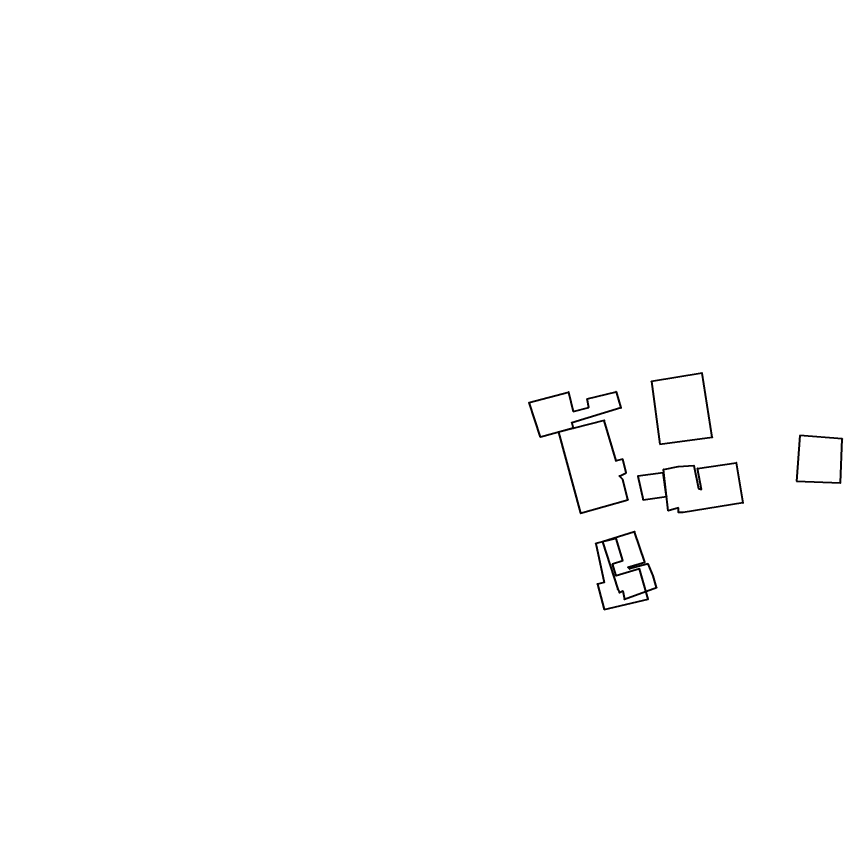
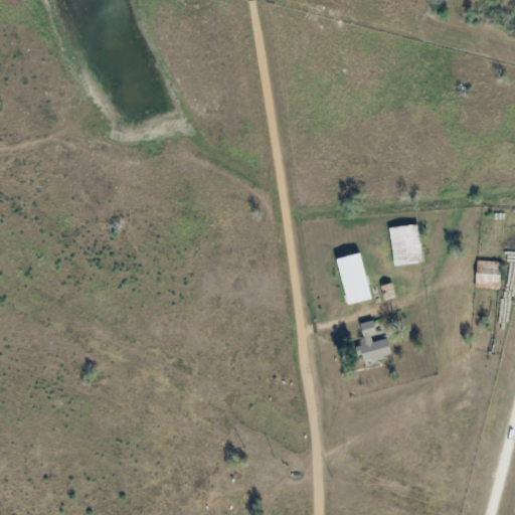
building: [529,392,621,437] -> none
building: [664,463,743,512] -> none

